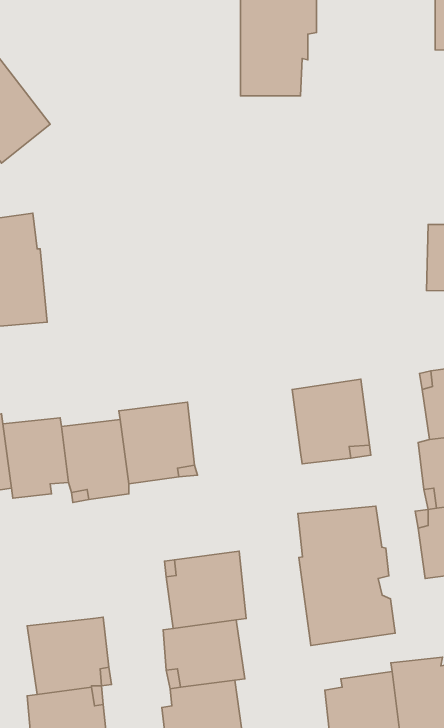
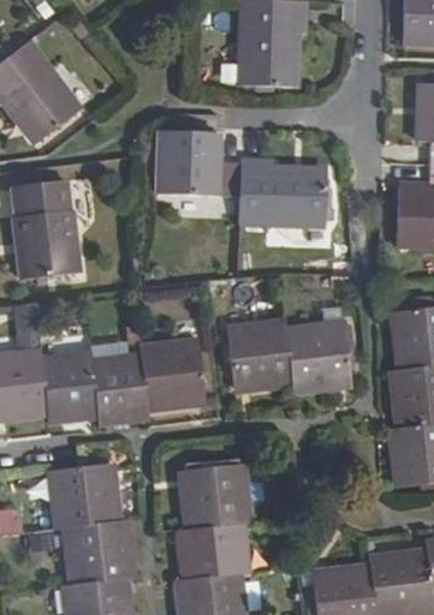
building: none -> [157,129,325,222]
building: none -> [226,320,291,387]
building: [298,506,395,646] -> none
building: none -> [47,465,117,527]

